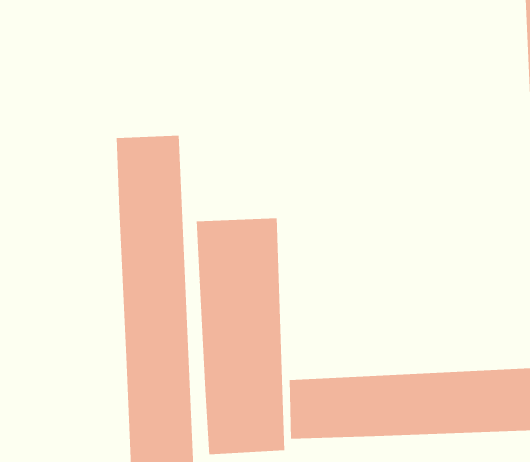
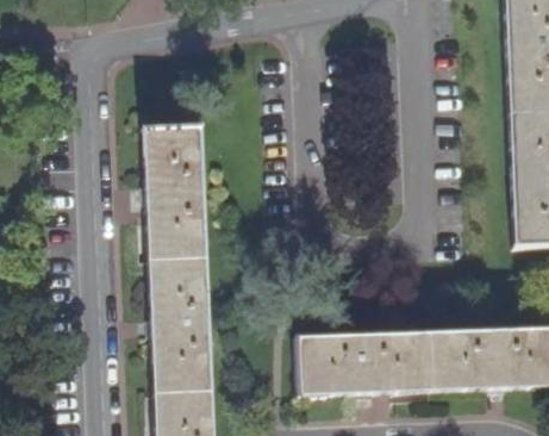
building: [196,217,285,455] -> none

